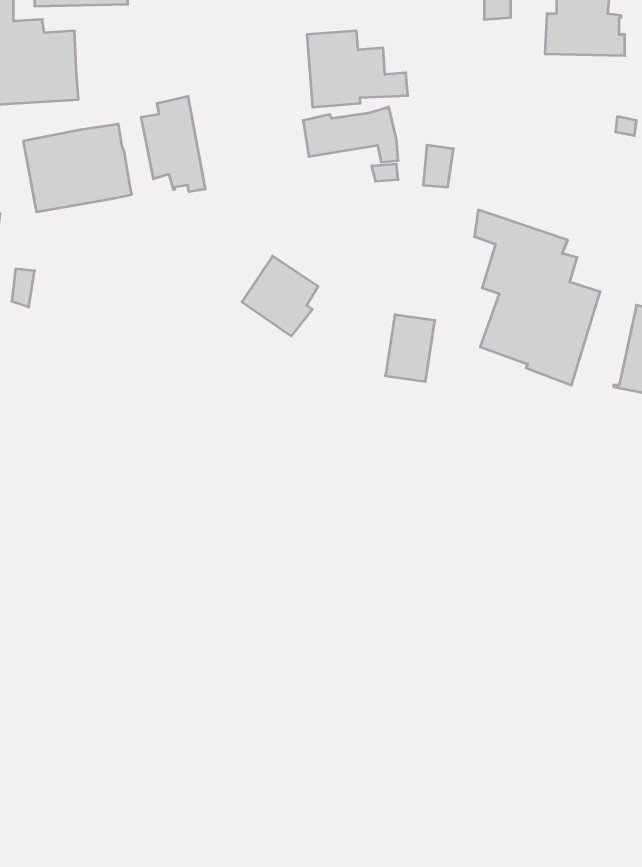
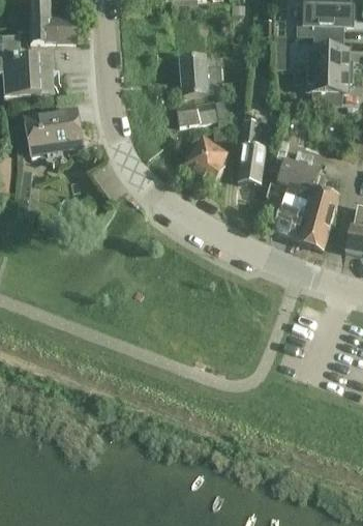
building: none -> [308,67,352,101]
building: [141,96,205,192] -> none
building: [242,256,318,336] -> [185,140,226,183]
building: [385,315,435,381] -> [238,146,265,182]

